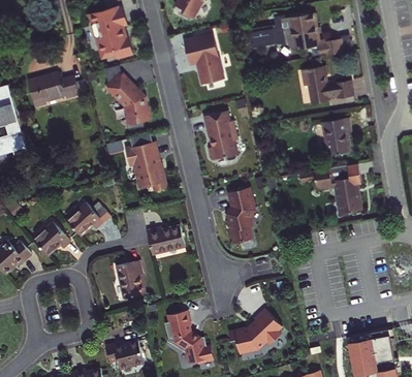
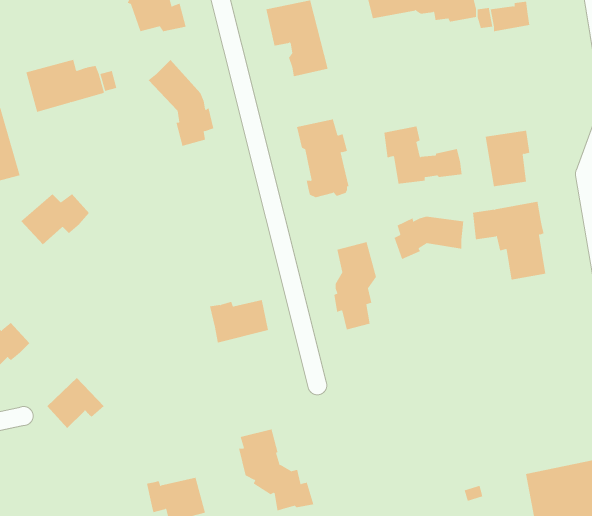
building: [303,65,353,102] -> [383,126,462,184]
building: [125,139,167,189] -> none
building: none -> [394,216,464,260]
building: [65,202,109,235] -> [20,194,90,245]
building: [33,222,70,255] -> [46,377,104,429]
building: [117,260,144,299] -> none
building: [227,308,281,352] -> none

